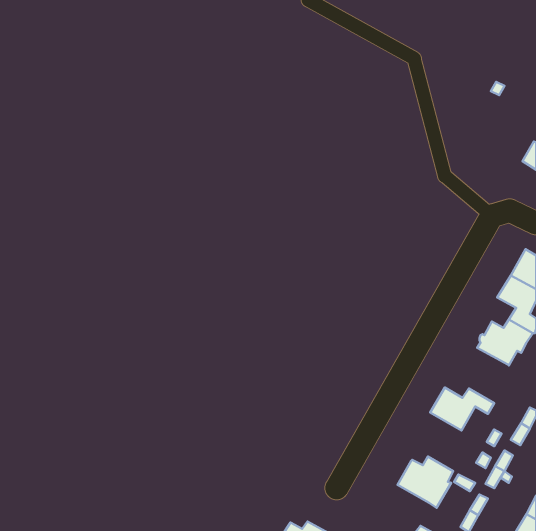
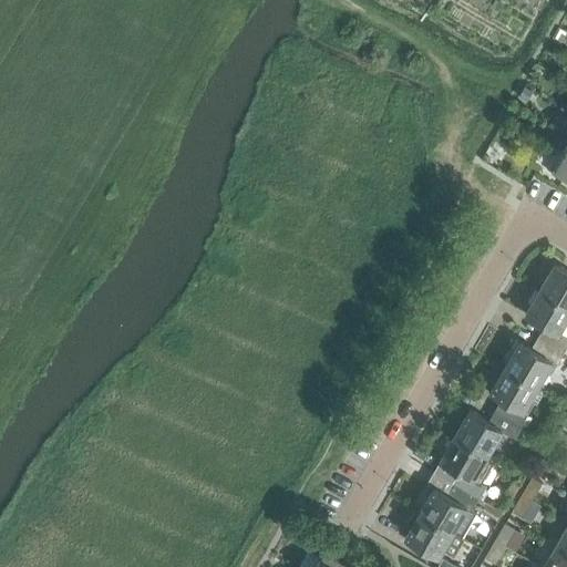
building: none -> [491,372,537,431]
building: none -> [441,441,494,503]
building: none -> [405,514,453,560]

